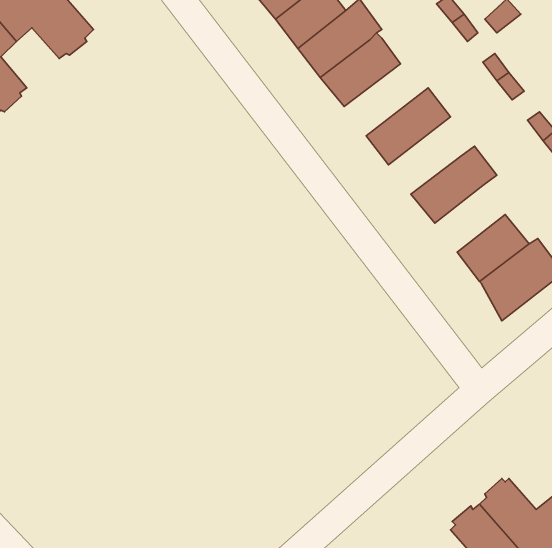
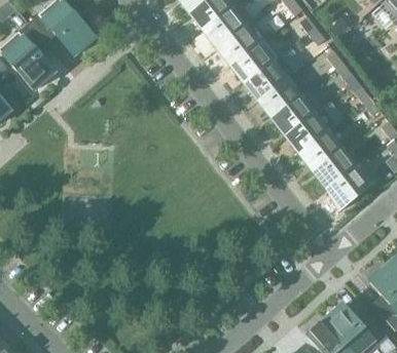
building: none -> [244,53,294,100]
building: none -> [270,94,314,134]
building: none -> [298,129,340,169]

